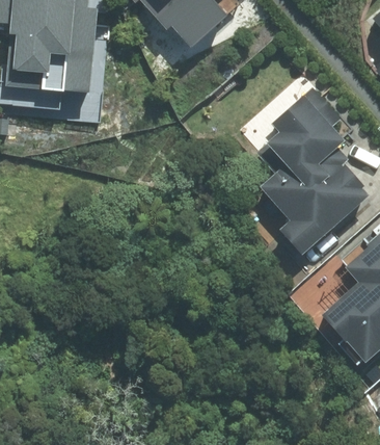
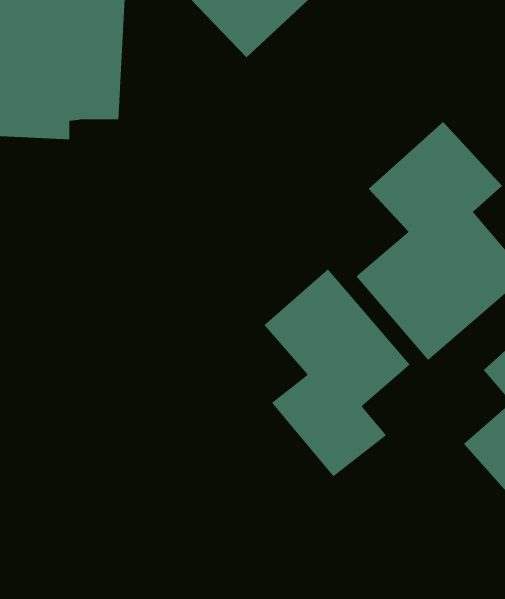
building: none -> [263,269,411,477]

